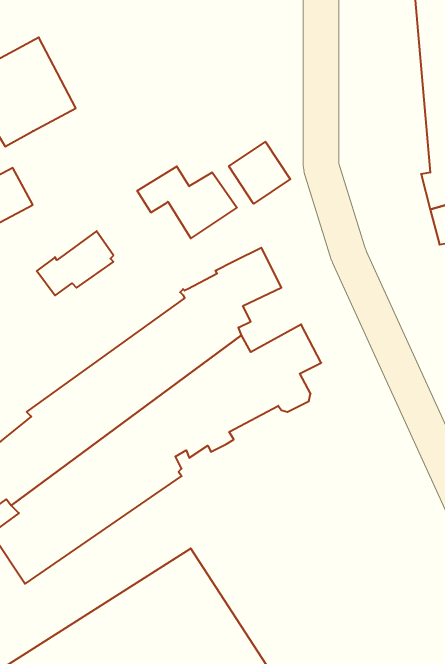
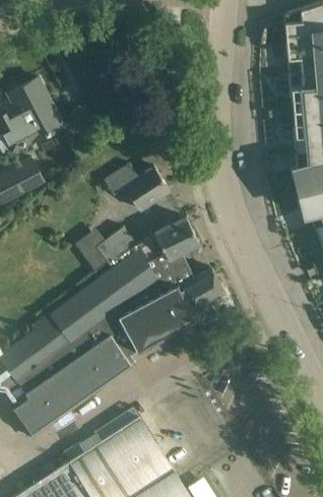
building: [229,142,290,204] -> none
building: [37,231,113,295] -> [83,228,134,270]

